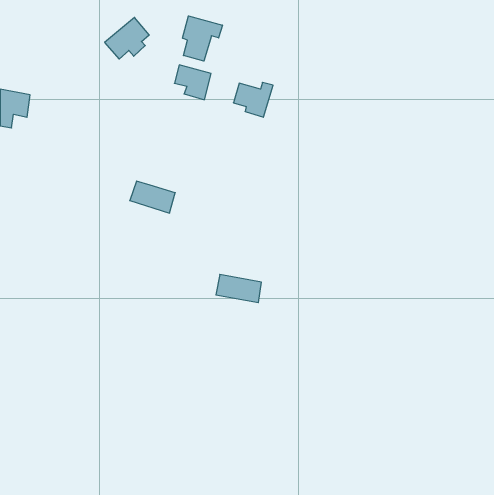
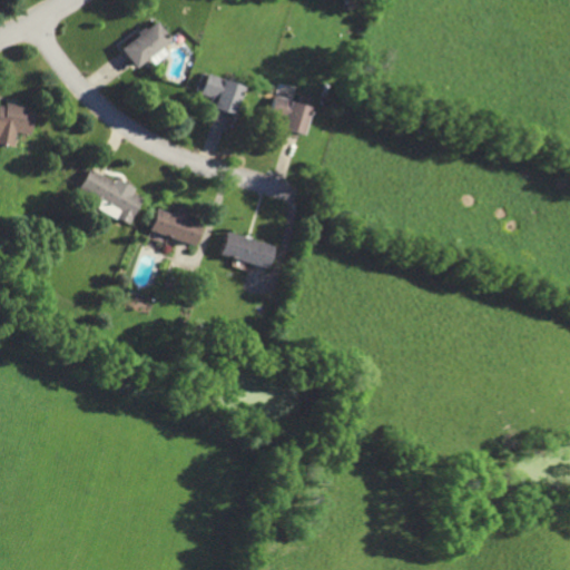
building: [183,16,222,61] -> none
building: none -> [79,169,142,224]
building: [216,274,261,303] -> [222,234,274,266]

